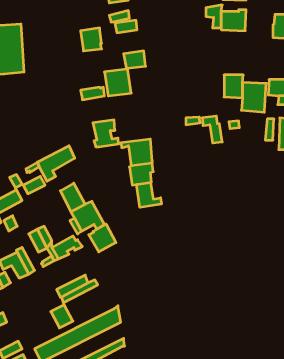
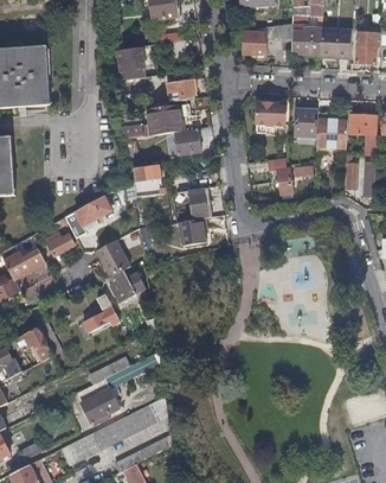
building: none -> [321,26,352,56]
building: none -> [244,30,266,53]
building: none -> [258,101,287,123]
building: none -> [175,126,211,155]
building: [137,182,161,207] -> none
building: [89,224,116,252] -> none

